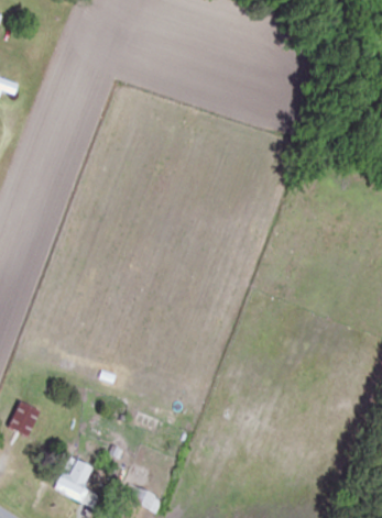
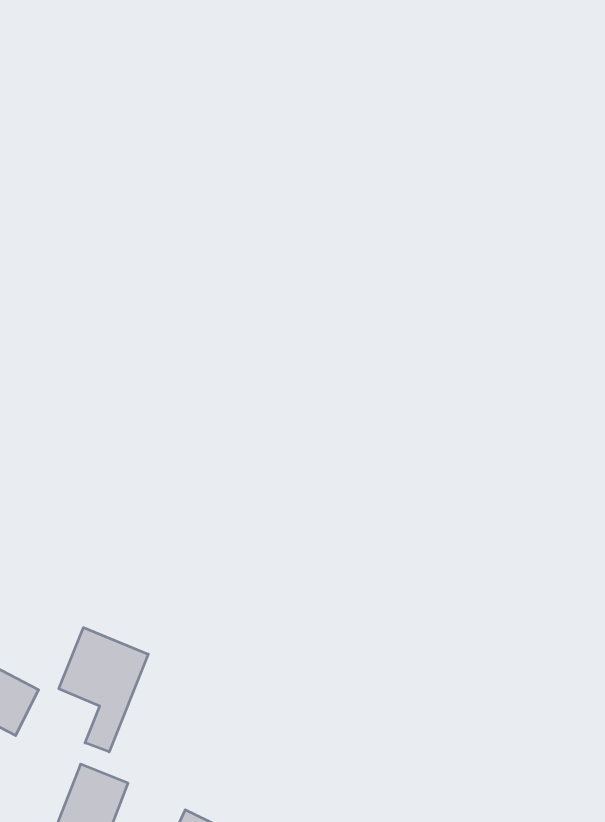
building: none -> [59,628,148,752]

